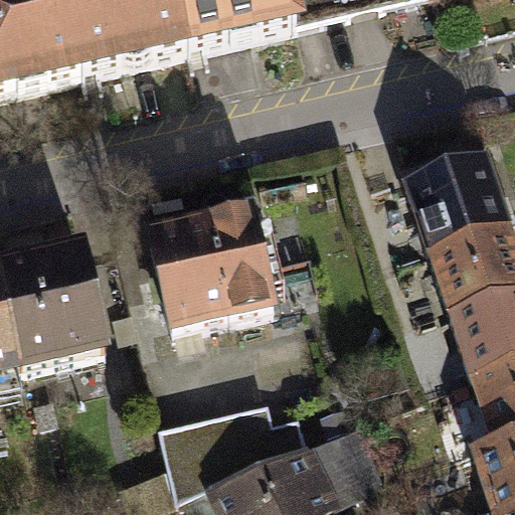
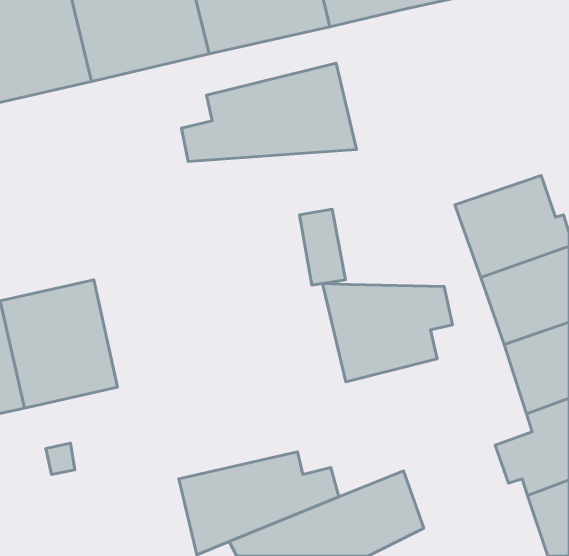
building: none -> [181,63,357,162]
building: [149,212,274,331] -> none
building: none -> [322,284,452,382]

